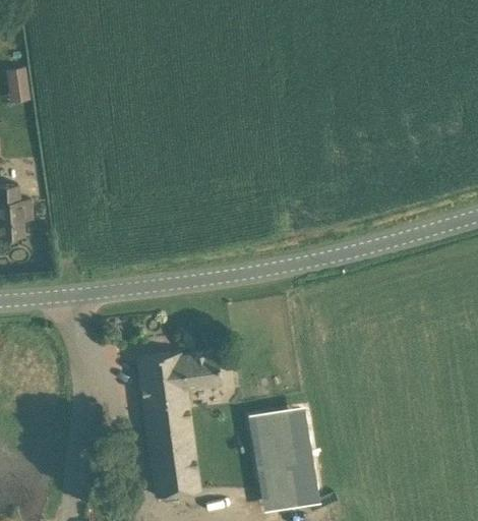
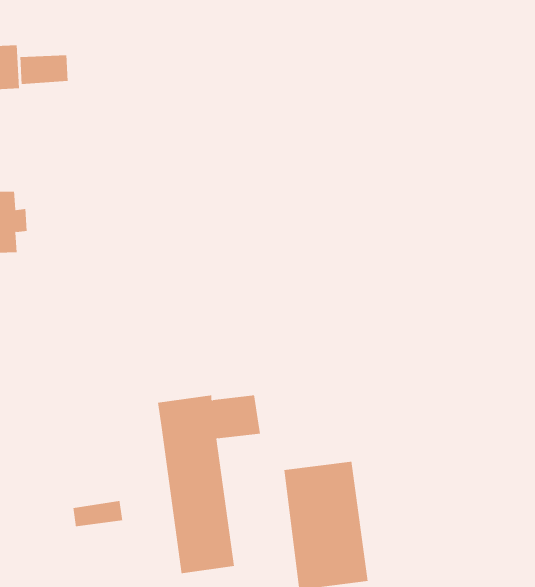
building: none -> [20,55,68,85]
building: none -> [73,500,123,527]

